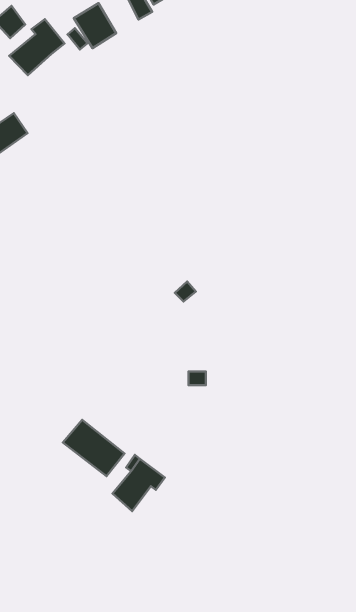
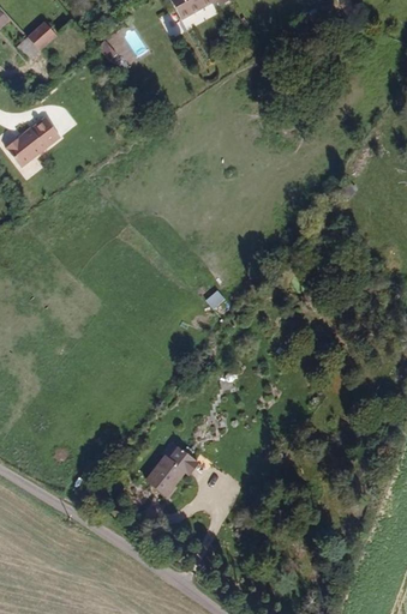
building: [9,19,65,75] -> none
building: [63,420,124,476] -> none

